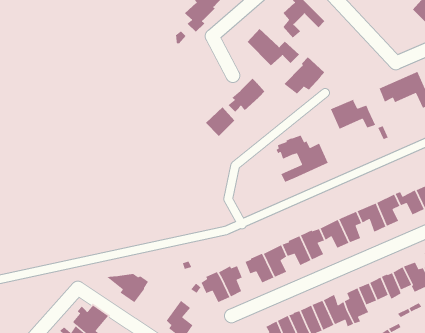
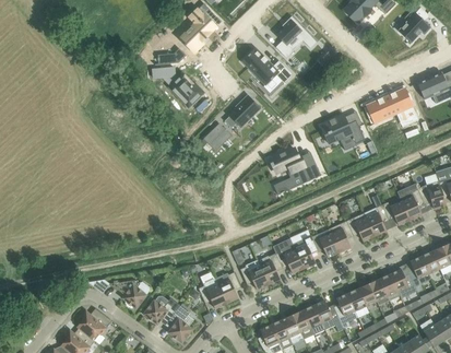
building: none -> [153,67,203,107]
building: [284,57,325,94] -> none
building: none -> [143,297,180,325]

